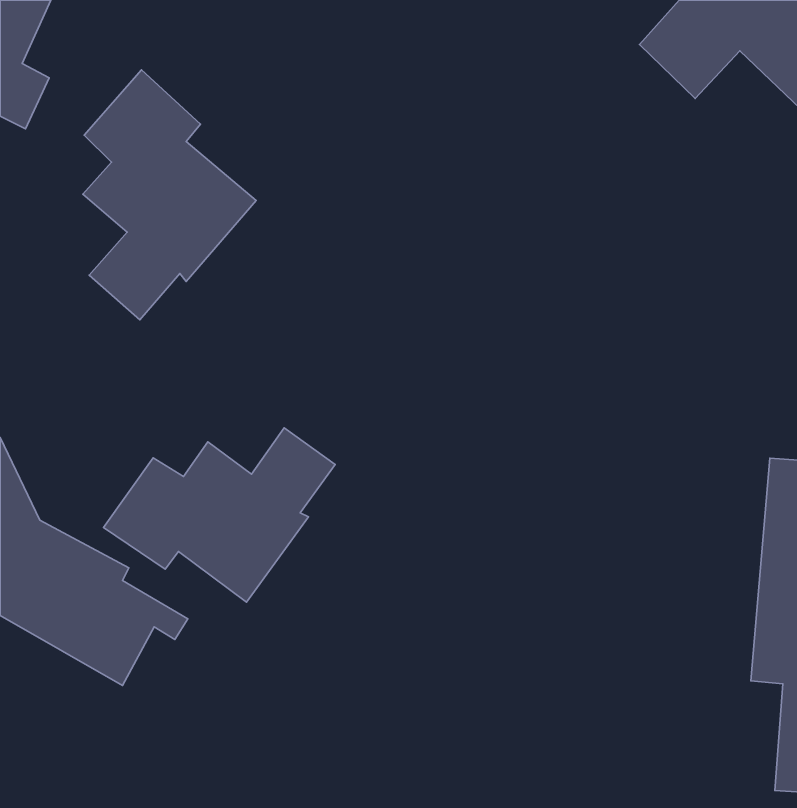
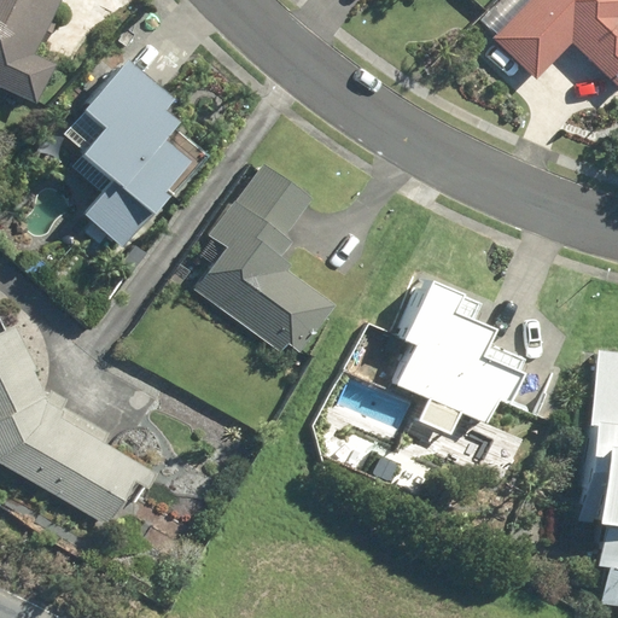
building: none -> [196,163,334,352]
building: none -> [393,279,520,425]
building: [104,428,335,602] -> none

